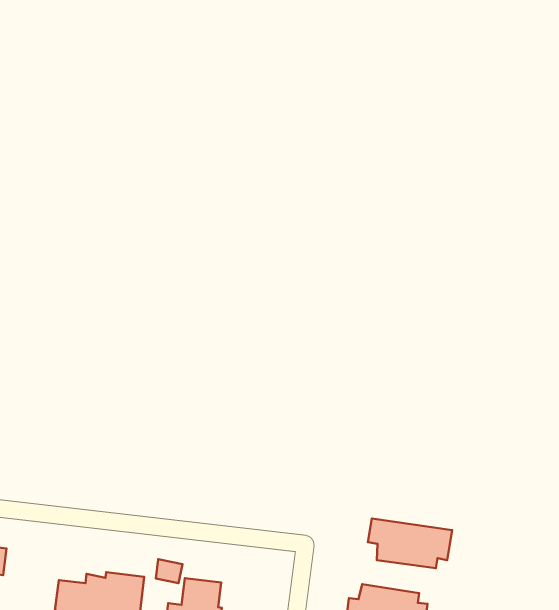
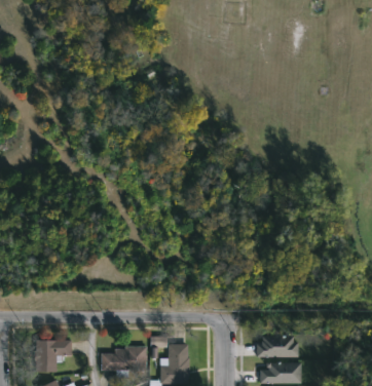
building: [368,518,452,568] -> none

